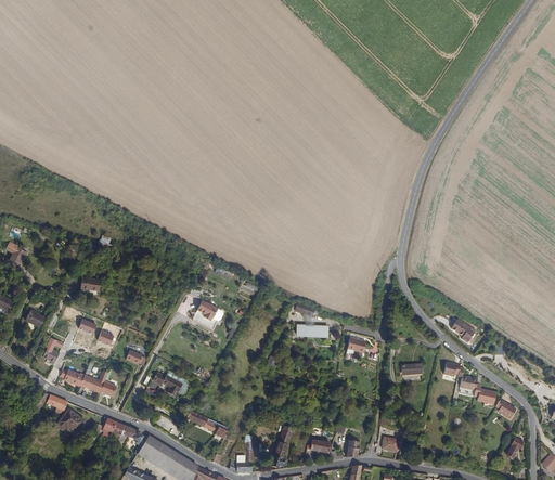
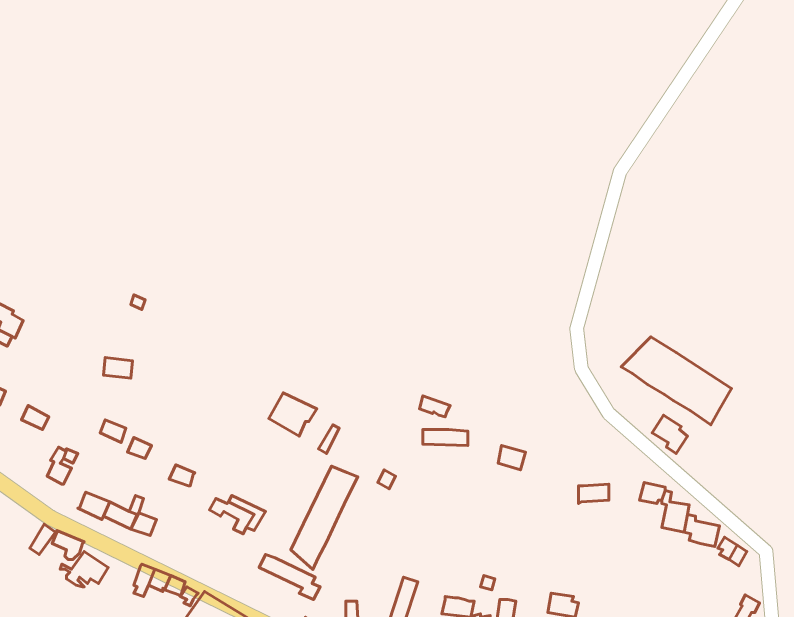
building: none -> [621,337,731,425]
building: none -> [291,466,358,569]

